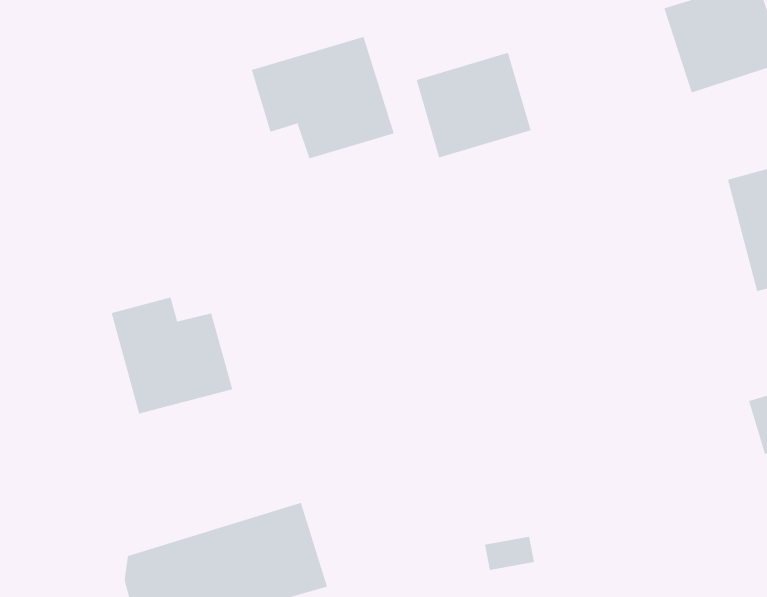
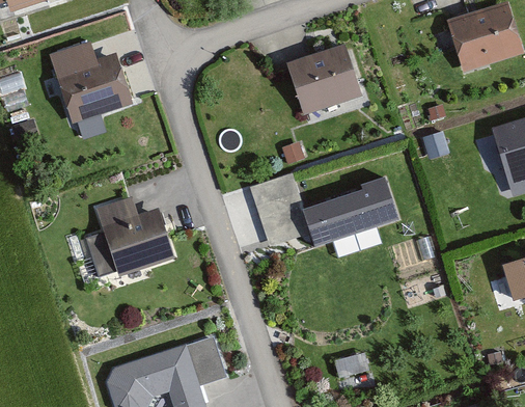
building: [251,36,395,159] -> none
building: none -> [51,43,131,123]
building: none -> [245,172,394,249]

